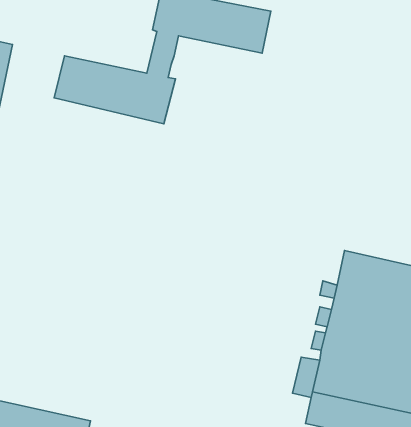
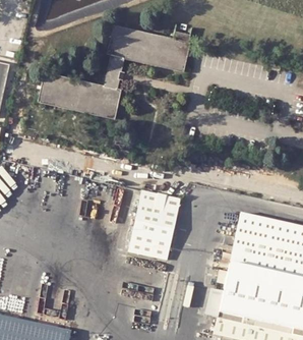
building: none -> [129,188,182,260]

